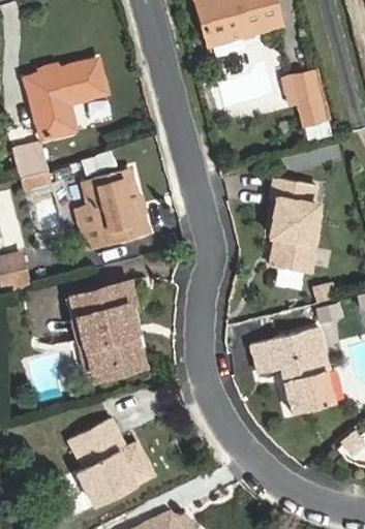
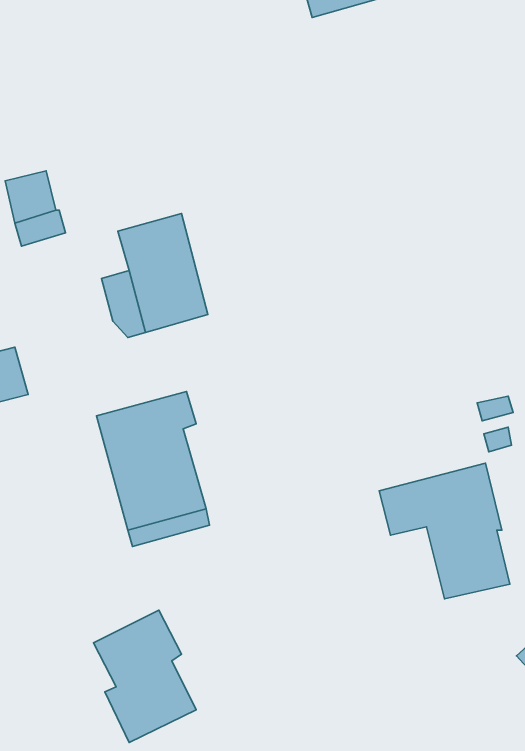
building: [26,59,107,136] -> none
building: [283,72,324,123] -> none
building: [271,180,317,272] -> none

